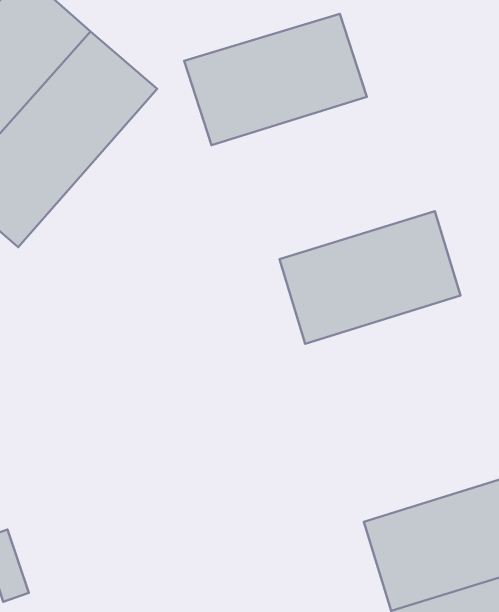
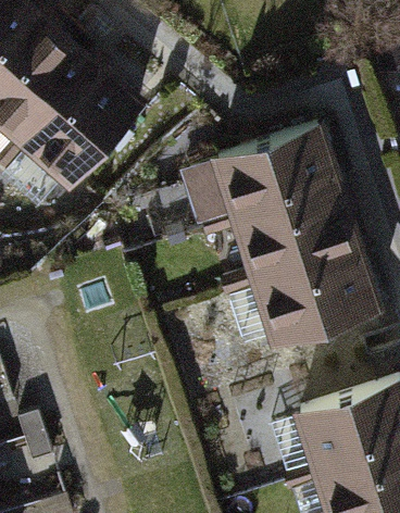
building: [184,14,367,145] -> [213,129,345,224]
building: none -> [251,250,382,346]

